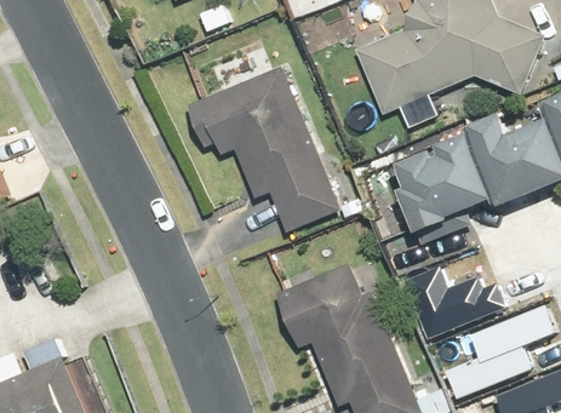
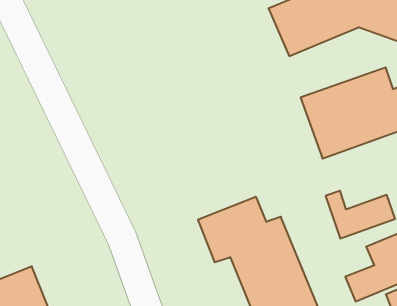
building: [189,69,338,230] -> none

